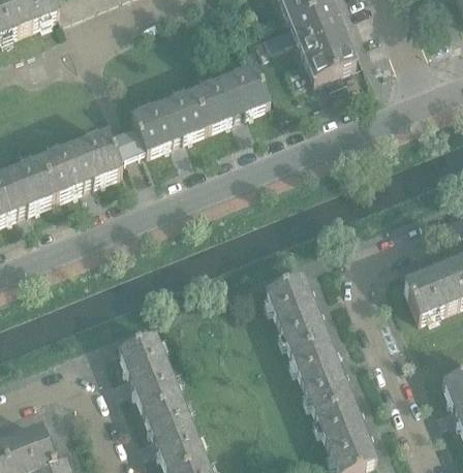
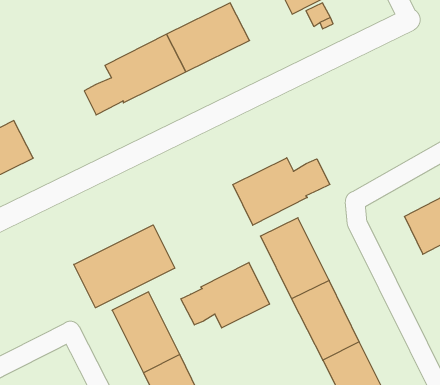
building: [39,129,121,193] -> none
building: none -> [233,158,330,225]
building: none -> [74,225,175,308]
building: none -> [181,262,269,328]

